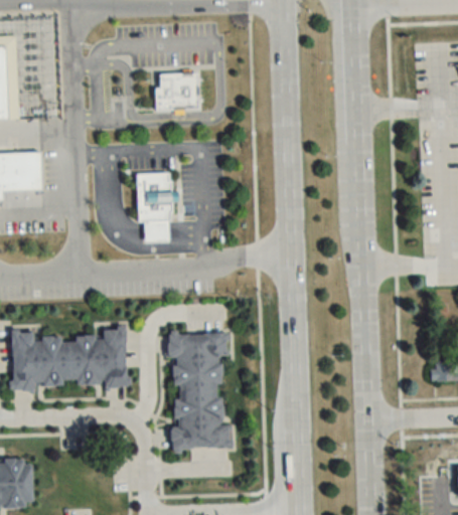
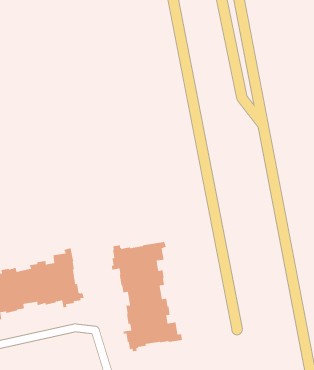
building: [158,72,202,109] -> none
building: [139,174,174,242] -> none

